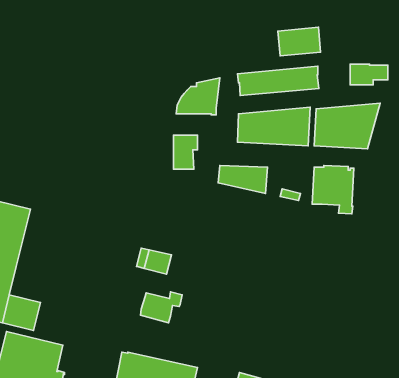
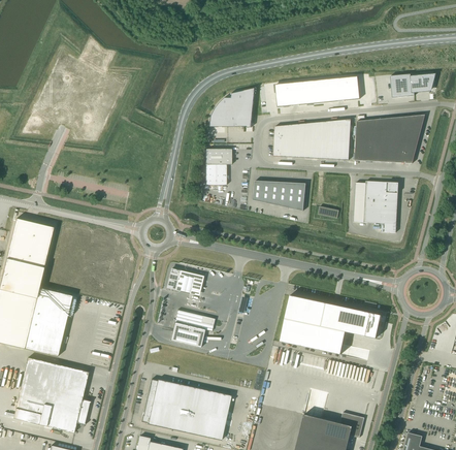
building: [278,27,320,56] -> none
building: none -> [31,288,72,326]
building: none -> [280,295,382,354]

